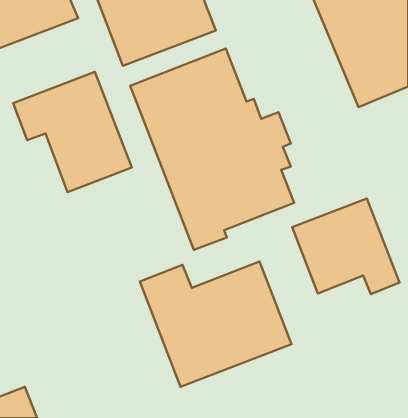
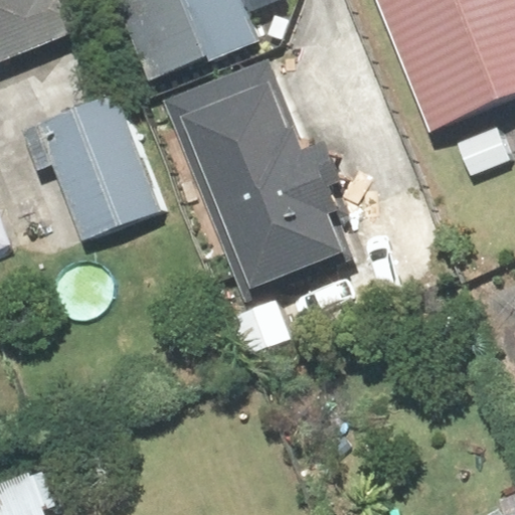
building: [292,198,399,294] -> none
building: [140,261,291,387] -> none

